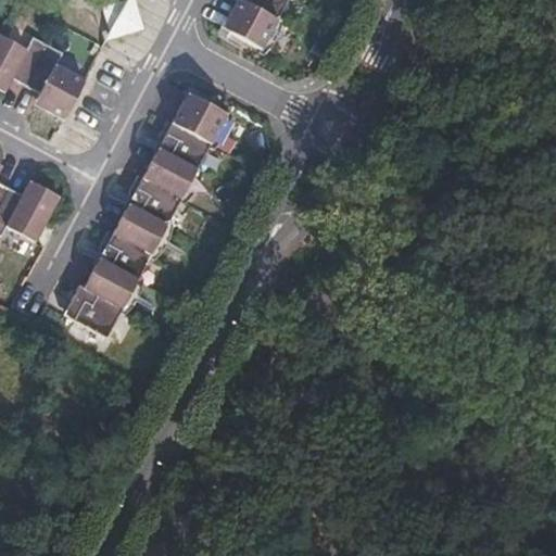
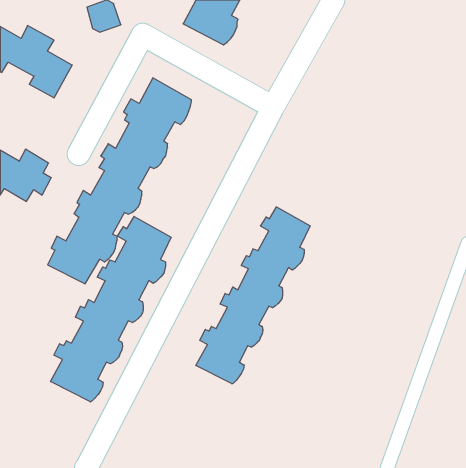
building: none -> [196,207,310,384]
building: none -> [51,216,171,402]

